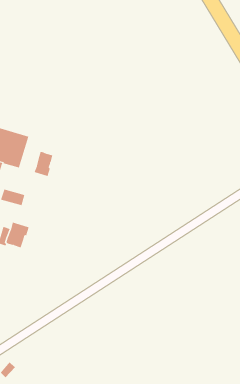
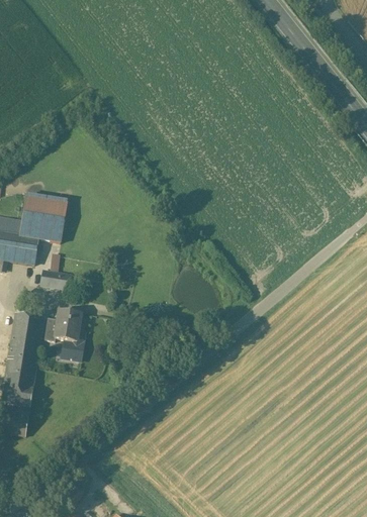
building: [34,151,53,177] -> none
building: none -> [60,330,84,359]

